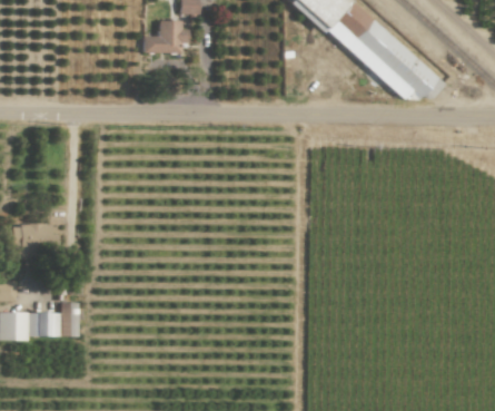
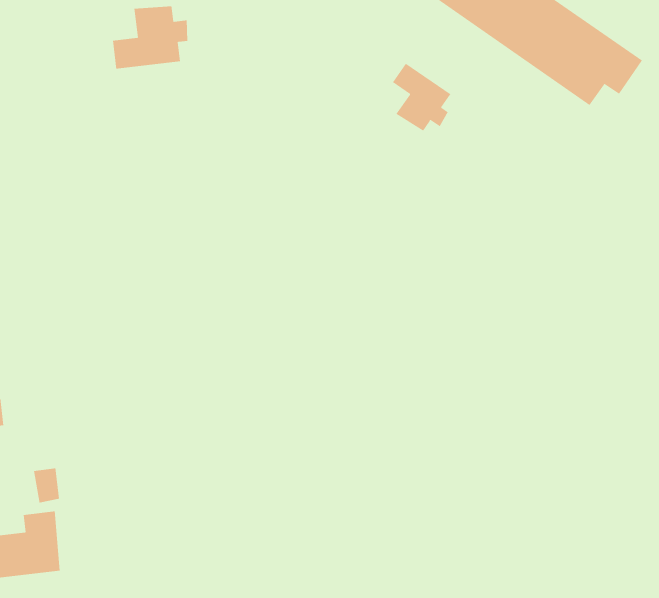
building: none -> [392,63,451,131]

